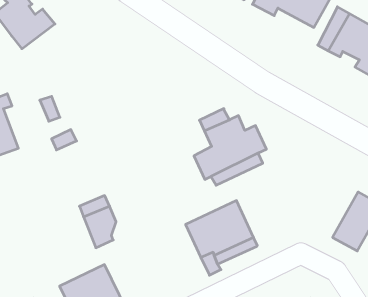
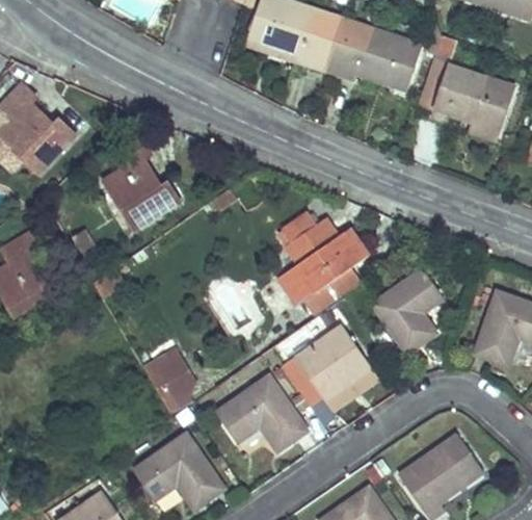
building: none -> [103,138,179,228]
building: none -> [371,267,444,353]
building: none -> [215,375,307,449]

